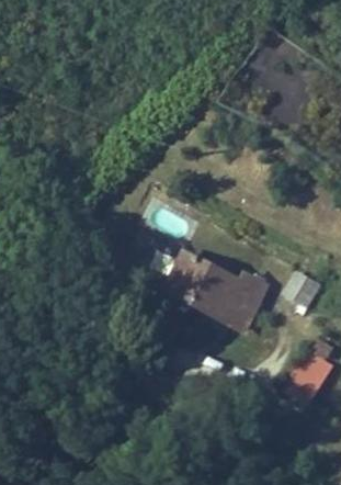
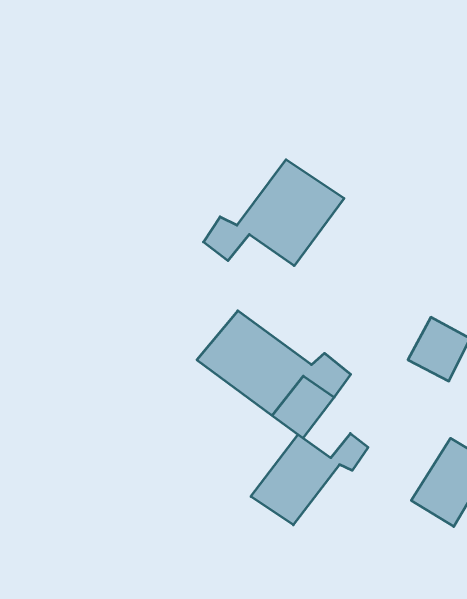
building: none -> [203,160,344,266]
building: none -> [251,433,368,525]

